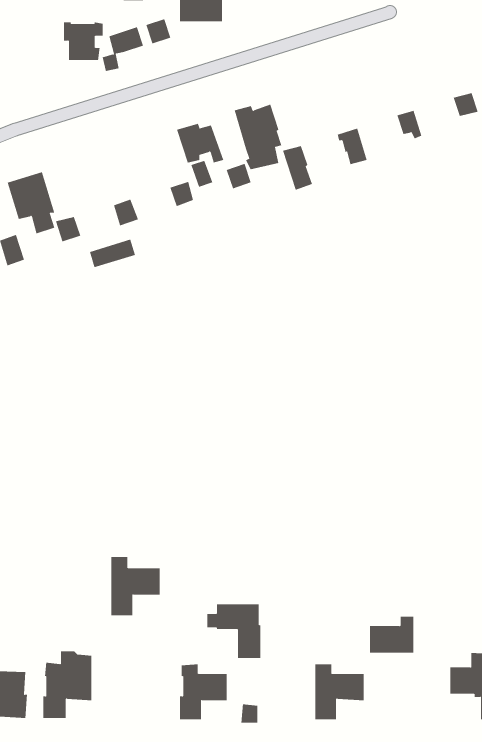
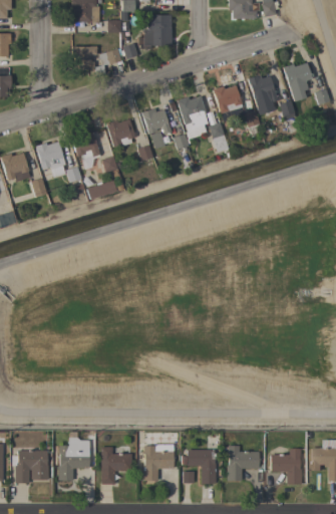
building: none -> [283,62,314,101]
building: none -> [248,74,281,102]
building: none -> [213,85,242,113]
building: none -> [106,119,135,147]
building: none -> [72,132,100,159]
building: [111,556,160,616] -> [101,447,132,484]
building: [207,604,261,658] -> [182,450,216,484]
building: [369,616,414,653] -> [271,449,299,472]

